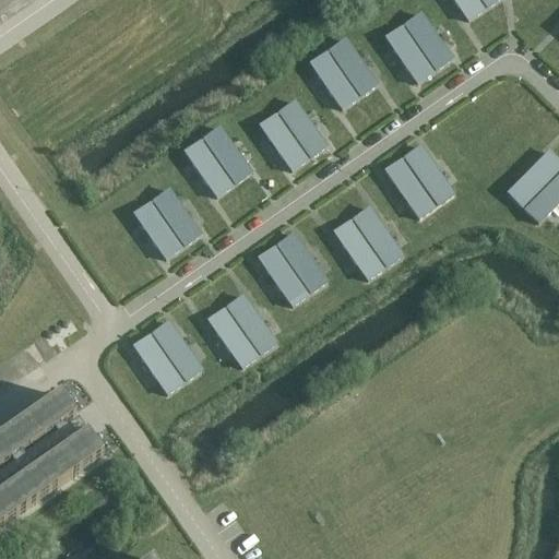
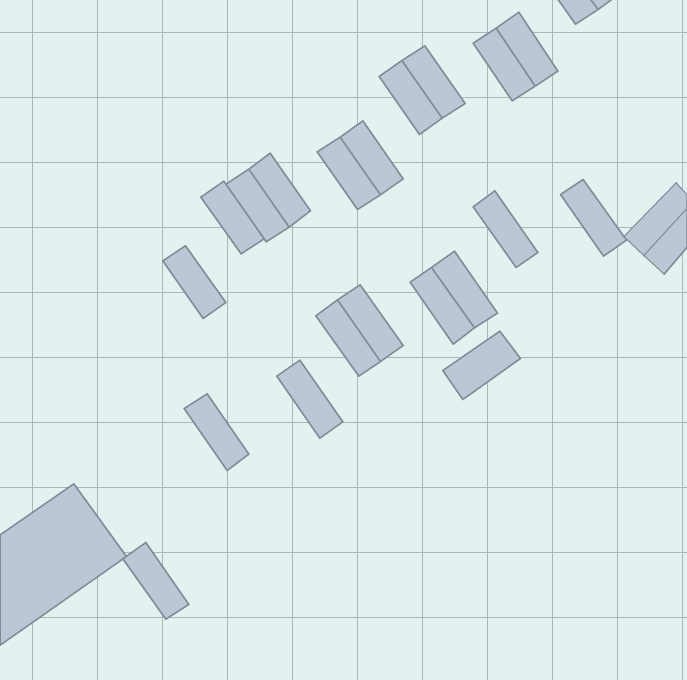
building: [402,143,455,205] -> [560,180,626,256]
building: [151,187,202,246] -> [201,181,264,254]
building: none -> [443,331,520,399]
building: [207,306,260,368] -> none
building: [131,332,185,394] -> [123,543,189,619]

